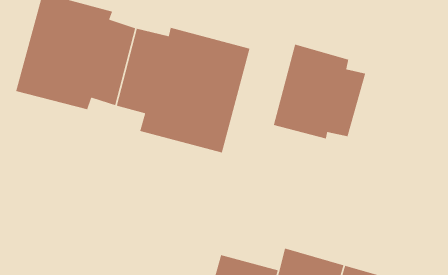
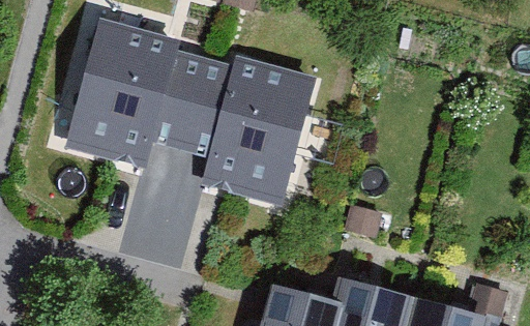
building: [273,44,366,140] -> none

